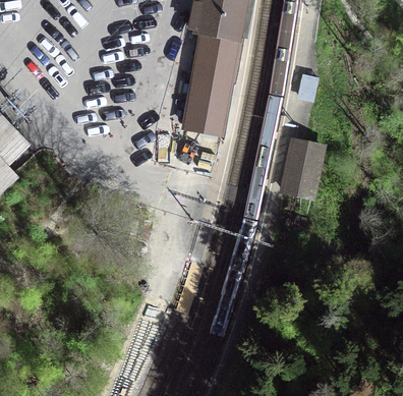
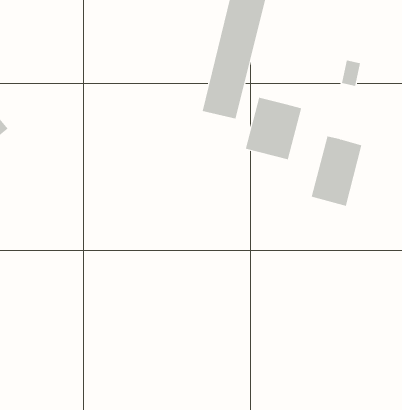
building: none -> [245,97,302,160]

